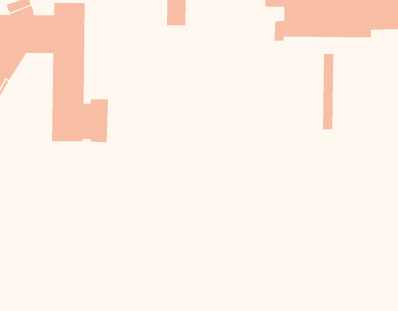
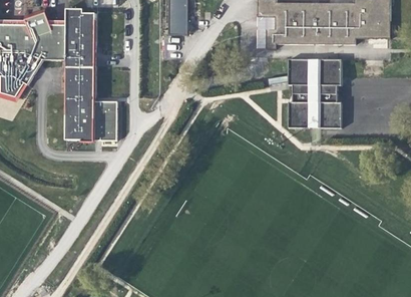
building: none -> [289,59,311,128]
building: none -> [320,59,342,128]

